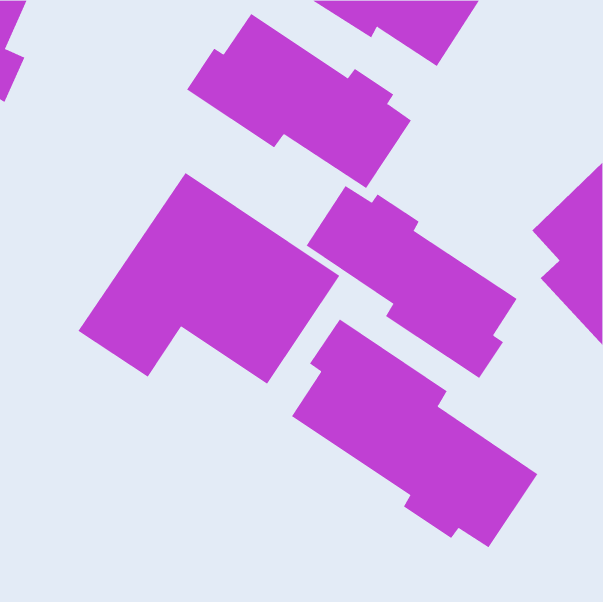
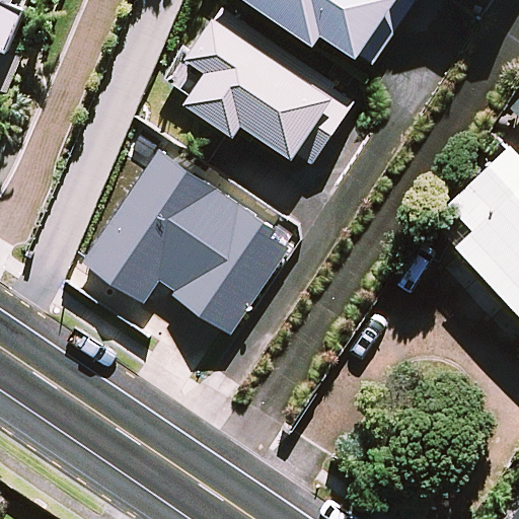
building: [306,185,518,379] -> none
building: [291,319,538,548] -> none

